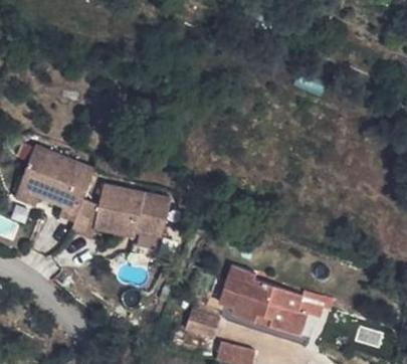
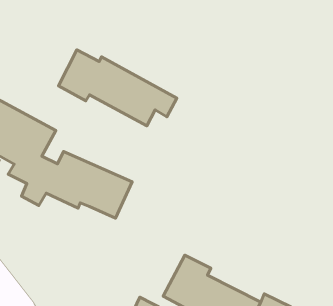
building: none -> [59,50,177,126]

